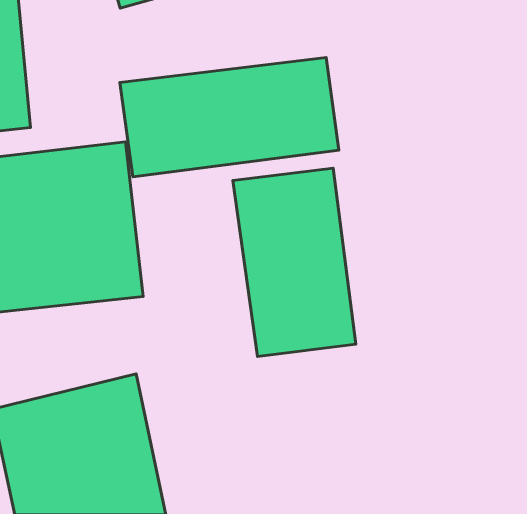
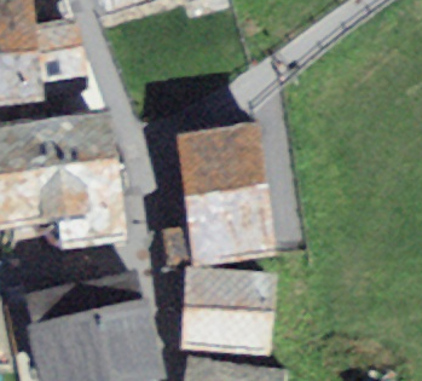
building: [120,57,339,177] -> none
building: none -> [173,265,271,357]

